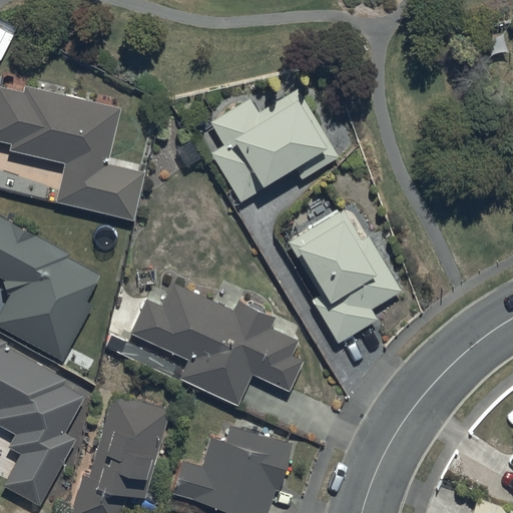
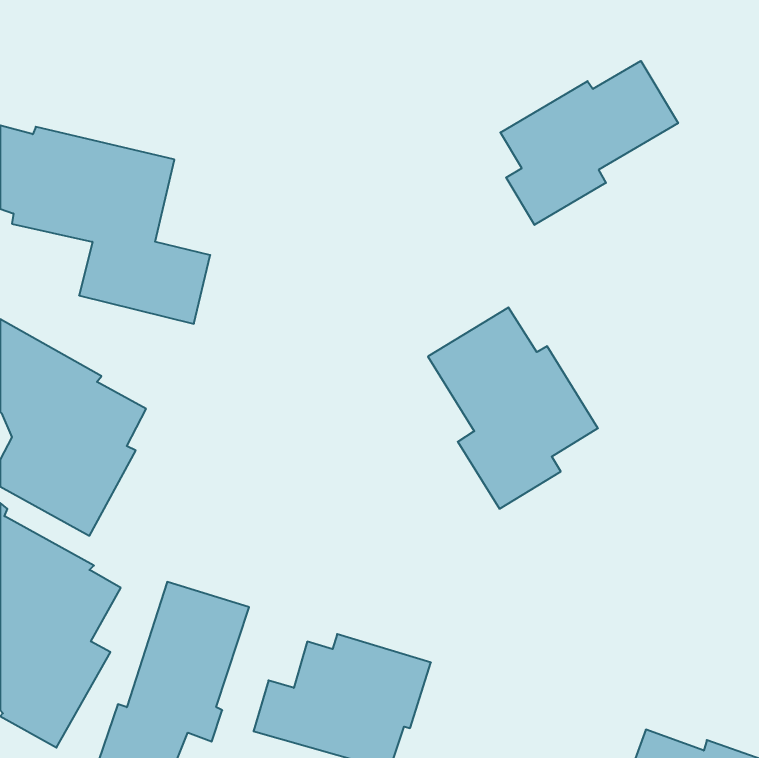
building: none -> [500,61,678,225]
building: [210,90,340,204] -> none
building: [129,284,303,405] -> none

